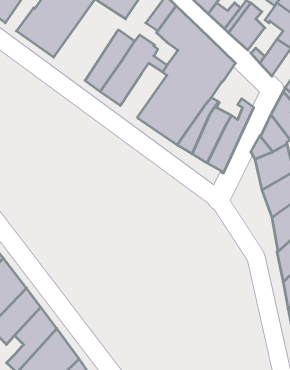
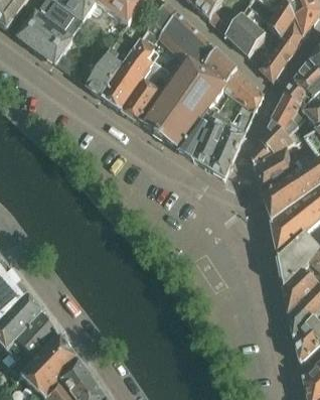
building: none -> [222,68,263,113]
building: none -> [122,69,168,122]

